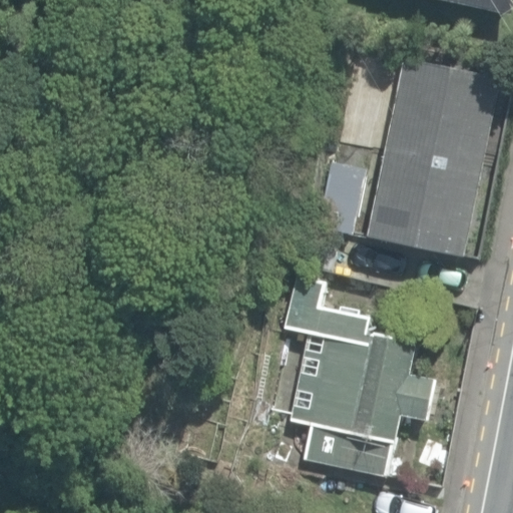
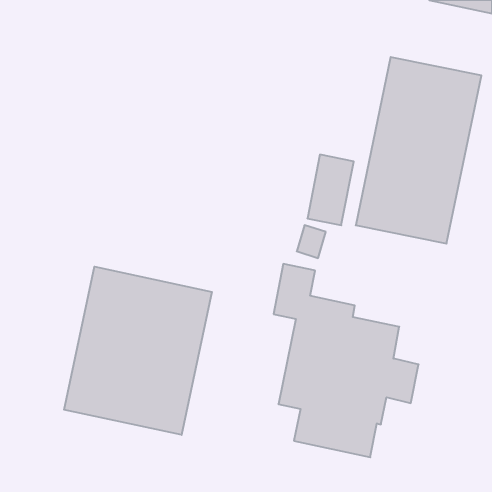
building: none -> [64,267,212,435]

